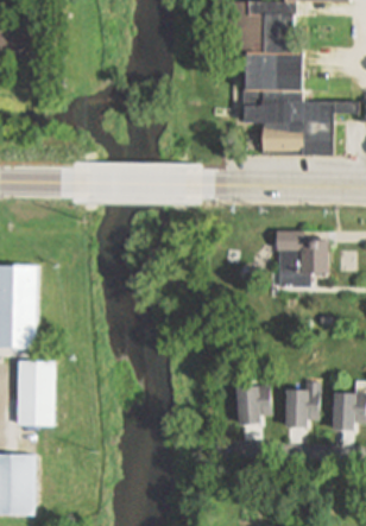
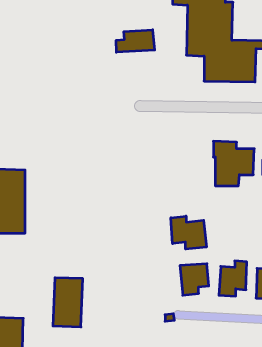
building: none -> [116,30,155,52]
building: none -> [171,216,206,249]
building: [15,363,53,426] -> [53,278,83,327]

